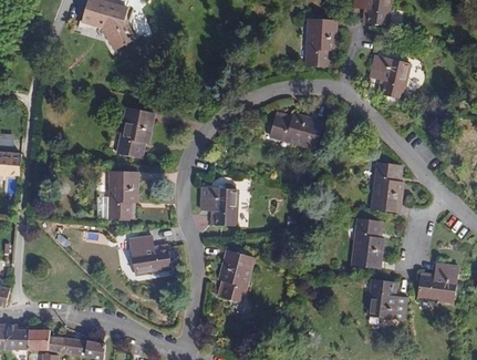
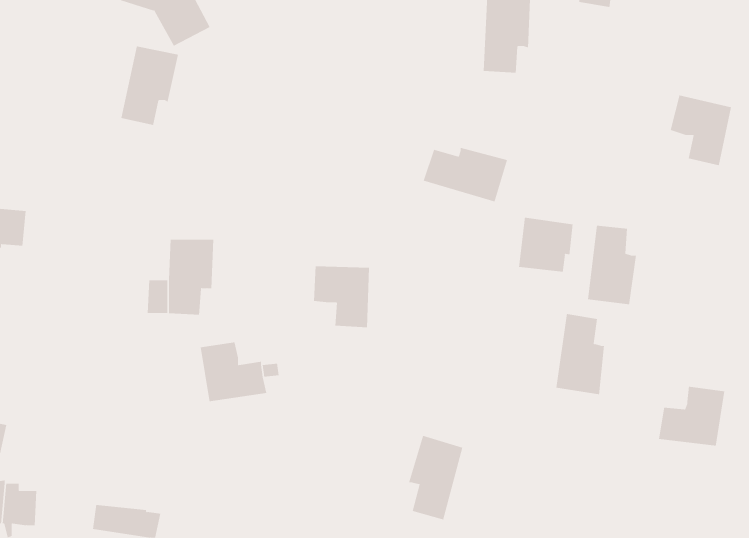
building: [370,54,408,99] -> [670,95,732,166]
building: [117,107,154,157] -> [120,46,179,125]
building: none -> [519,217,573,272]
building: [218,249,252,302] -> [408,435,463,520]
building: [369,278,405,319] -> none
building: [27,328,64,352] -> none

